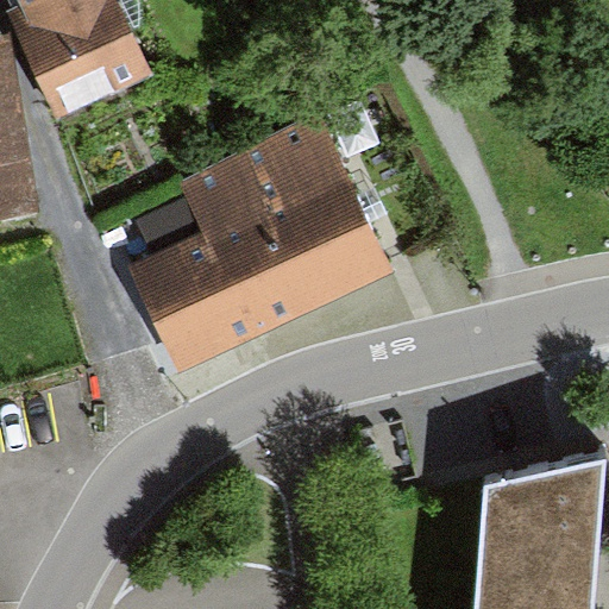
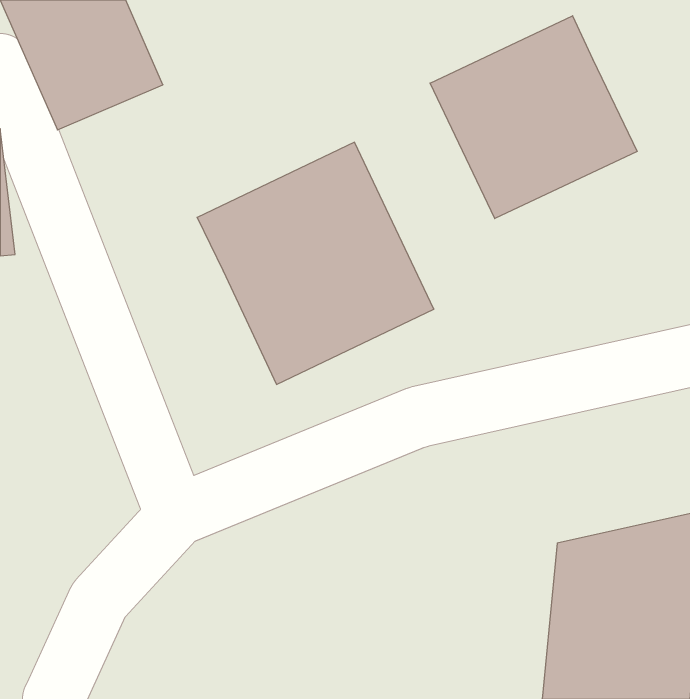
building: none -> [430,16,637,219]
building: [128,236,249,369] -> none

